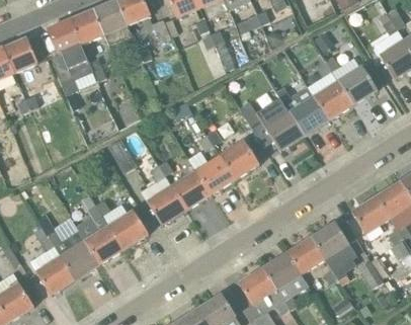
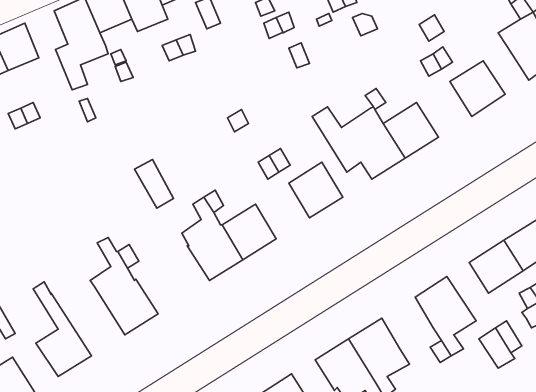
building: [313,80,353,120] -> none
building: [195,154,235,194] -> none
building: [108,209,149,249] -> none
building: [47,229,100,279] -> none
building: [287,237,325,274] -> none

